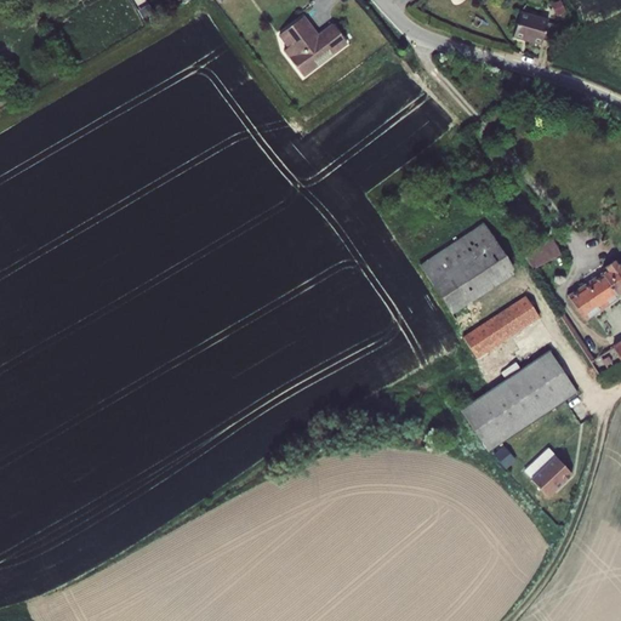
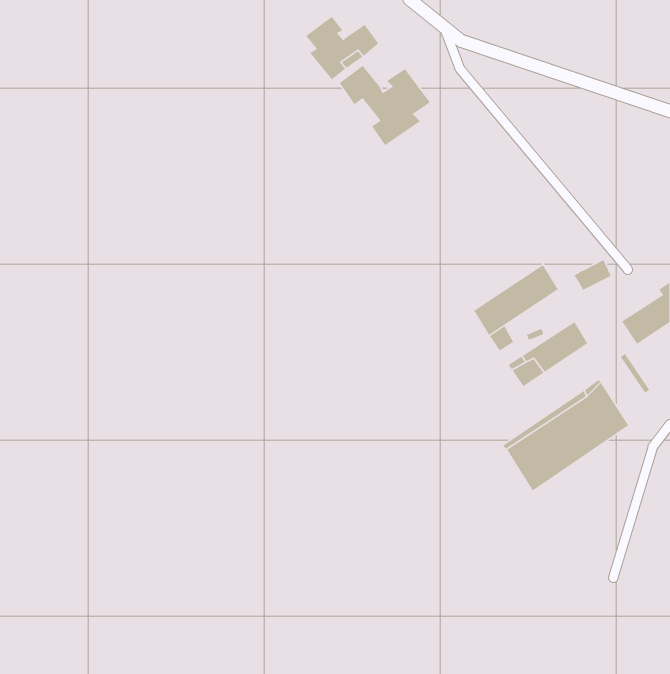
building: [512,11,553,45] -> none
building: none -> [339,65,431,146]
building: [421,222,498,285] -> none
building: [534,457,574,497] -> none

